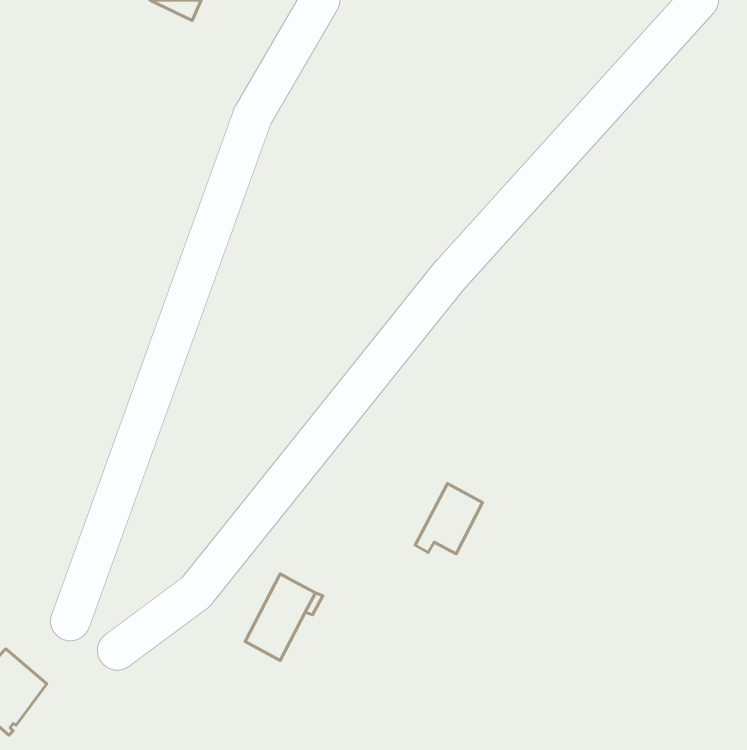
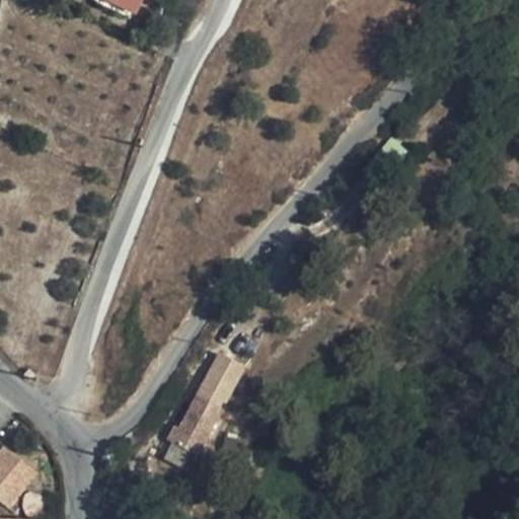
building: [415,483,483,554] -> [194,354,240,402]

